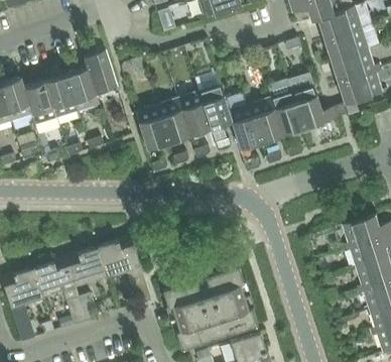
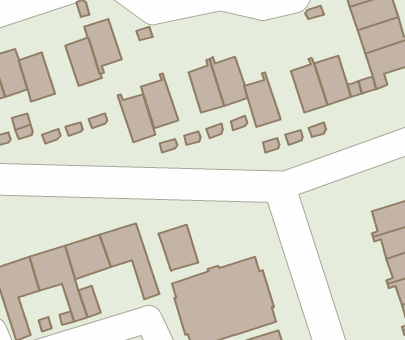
building: [44,75,78,118] -> none
building: [247,98,282,141] -> none
building: [154,99,188,142] -> [118,95,155,142]
building: none -> [158,225,198,271]

